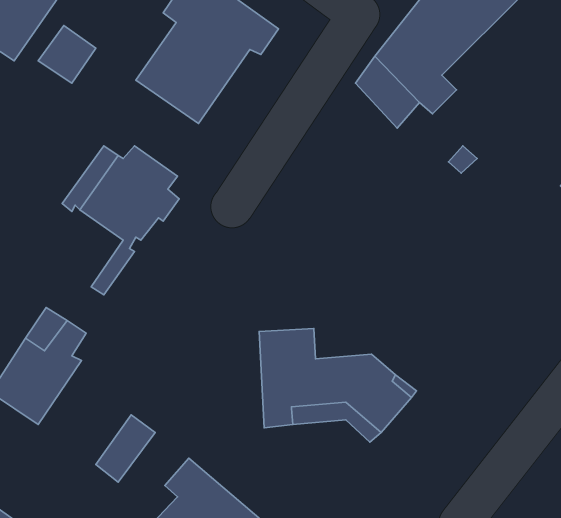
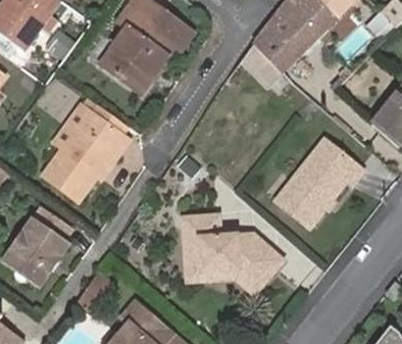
building: none -> [45,143,94,192]
building: none -> [274,146,360,232]

